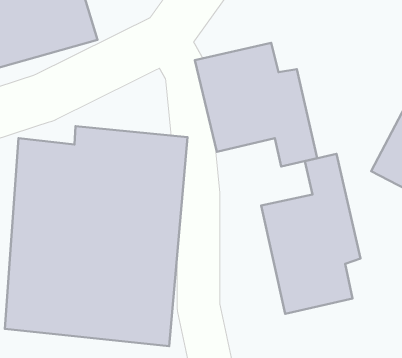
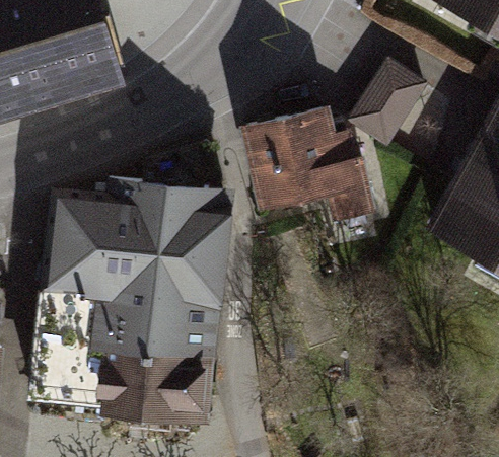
building: none -> [349,65,428,148]
building: [261,154,361,314] -> none

